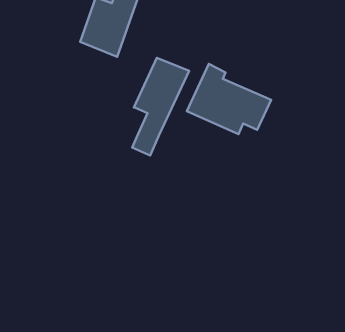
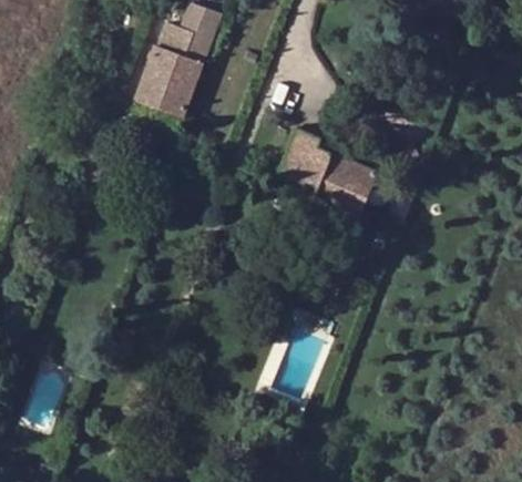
building: [132,58,189,155] -> none

